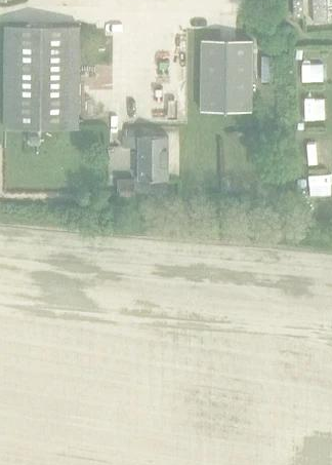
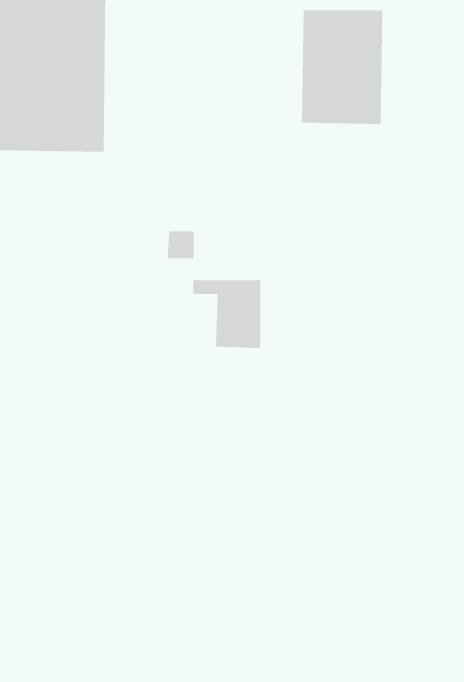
building: [123,137,166,180] -> [192,280,261,349]

